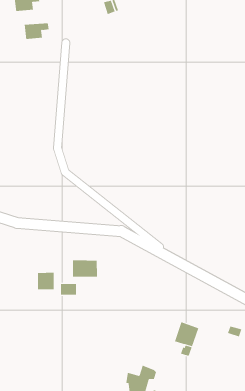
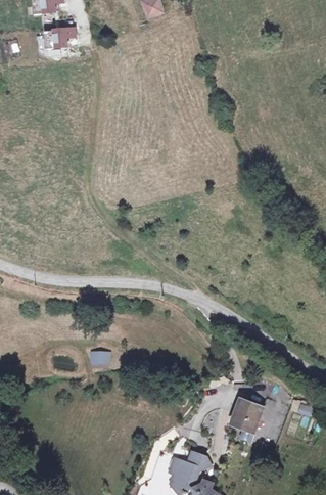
building: [73,260,98,278] -> none
building: [37,272,54,290] -> none

